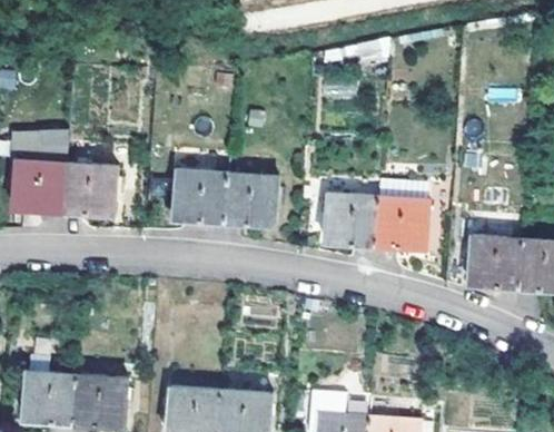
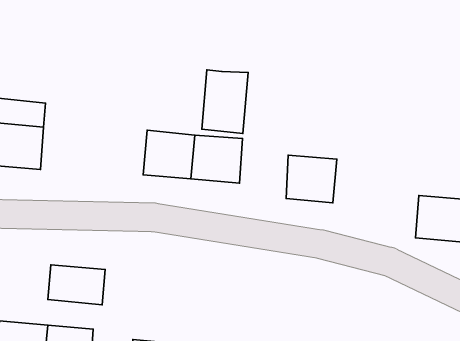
building: none -> [202,70,248,133]
building: [66,161,122,212] -> none
building: [379,196,435,247] -> none
building: none -> [48,265,105,305]

